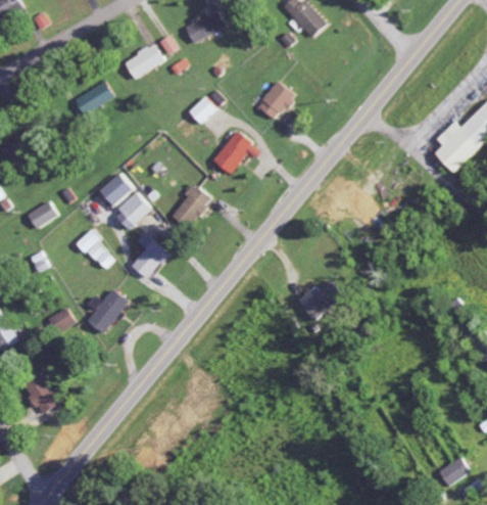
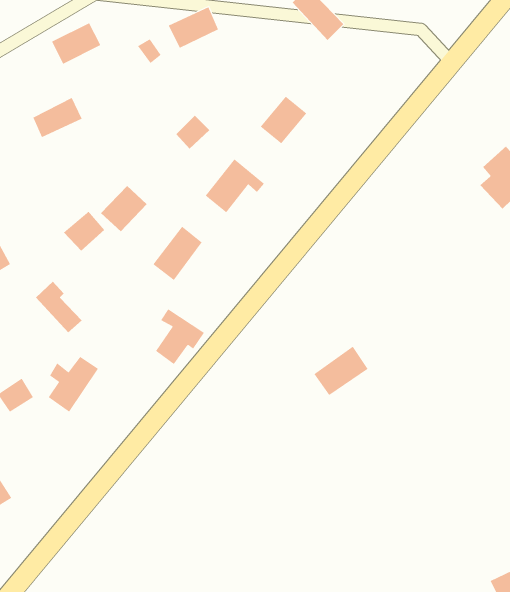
building: [124,44,163,78] -> [51,22,101,64]
building: [113,192,151,230] -> [100,185,148,232]
building: [132,233,172,278] -> [155,309,205,365]

